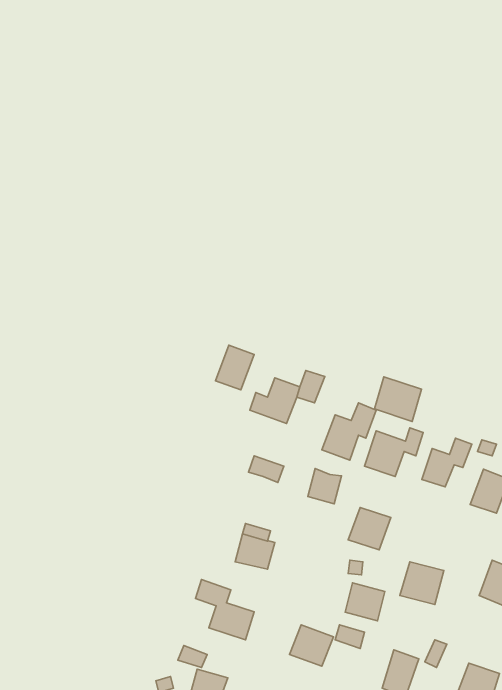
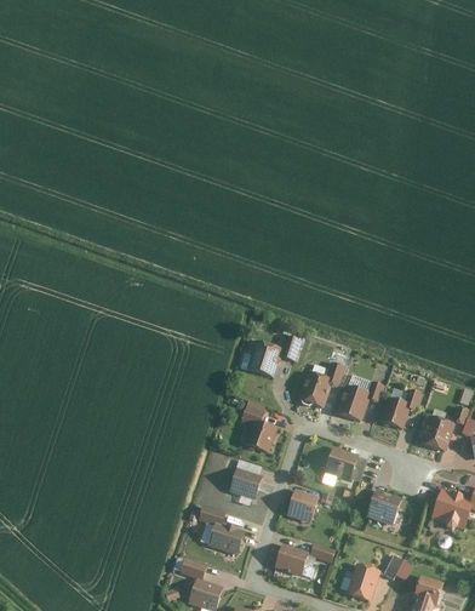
building: [215,345,254,390] -> none
building: [375,377,422,421] -> none
building: [308,468,341,504] -> [245,419,273,449]
building: [345,583,385,621] -> [286,490,319,521]

